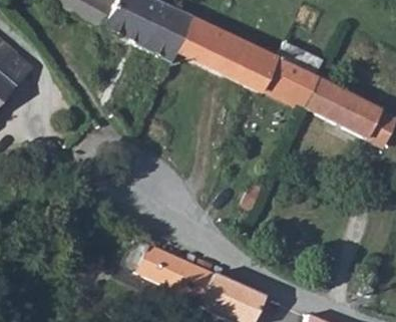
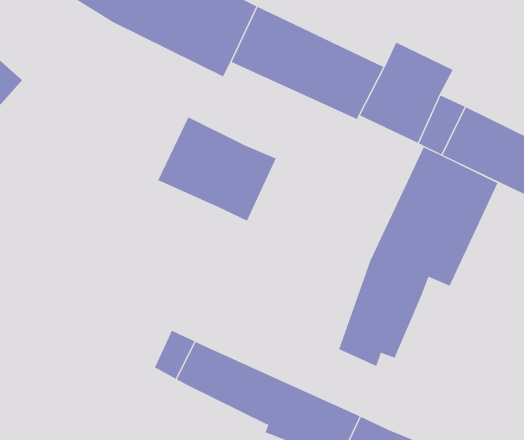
building: none -> [157,116,276,221]
building: none -> [338,147,498,367]

